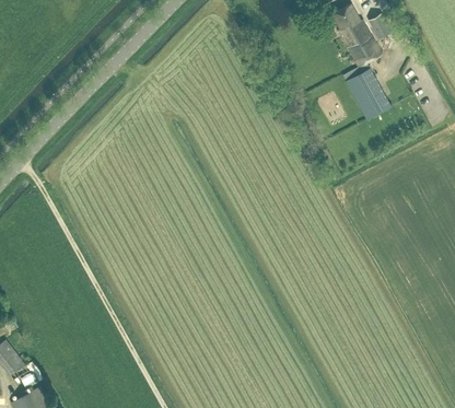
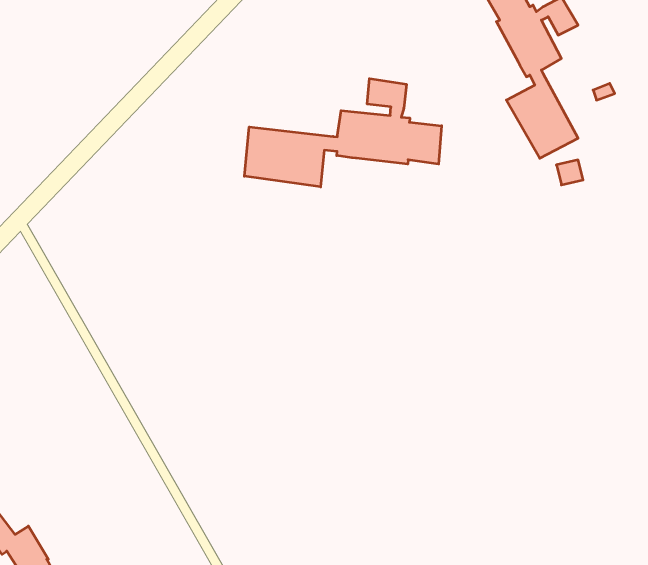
building: none -> [244,79,442,187]

